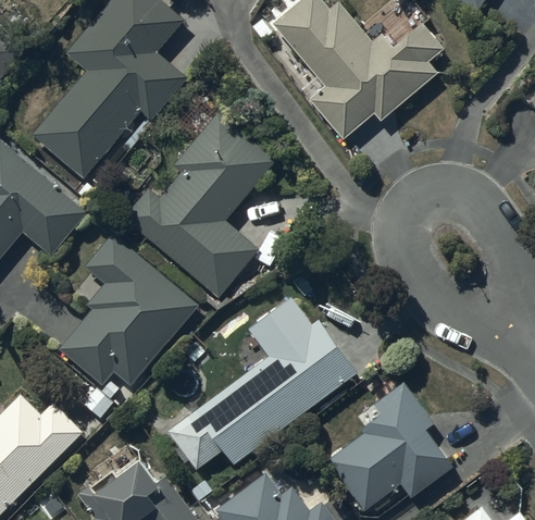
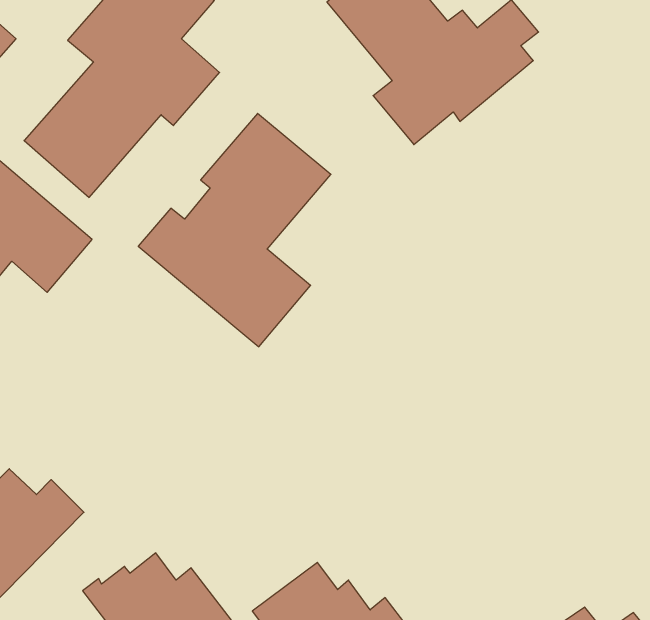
building: [60,236,197,385] -> none
building: [167,298,360,471] -> none
building: [326,377,451,512] -> none

